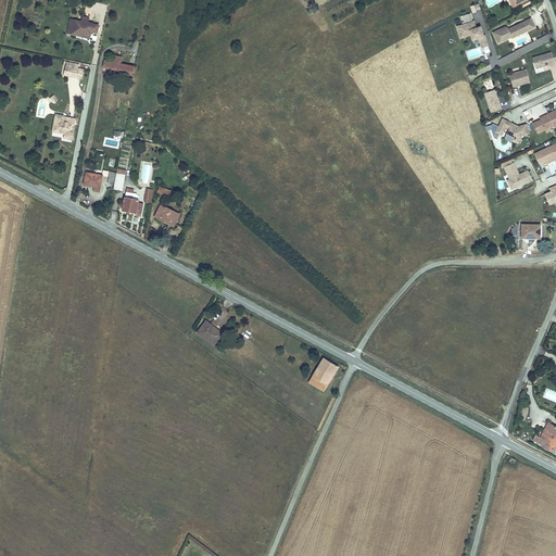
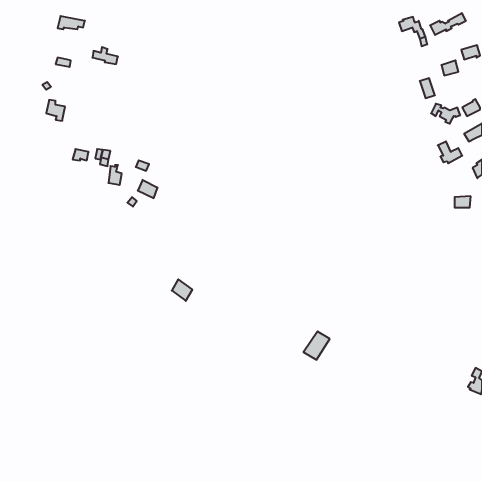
building: [307,358,338,391] -> [303,331,330,360]

